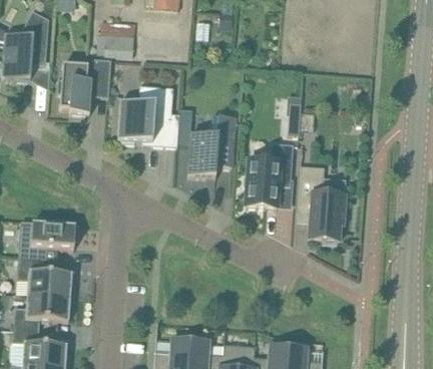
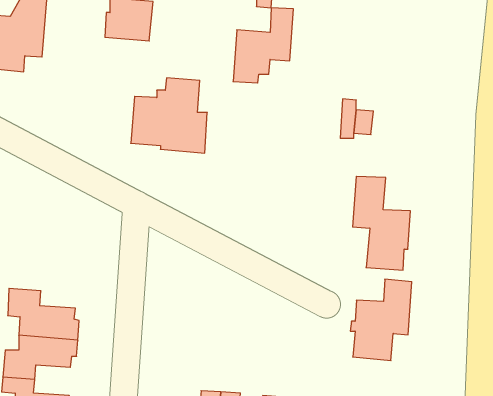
building: [56,57,111,114] -> none
building: [187,115,237,176] -> [233,8,293,83]
building: [244,142,294,209] -> [350,279,412,361]
building: [18,221,79,259] -> none

